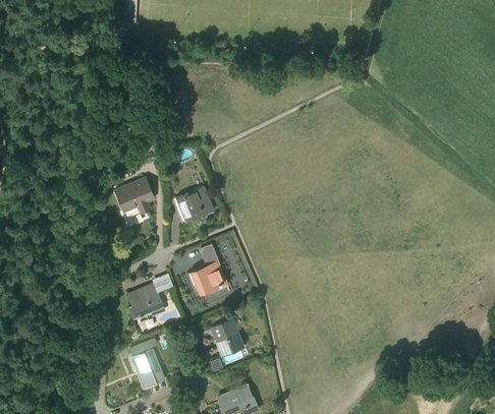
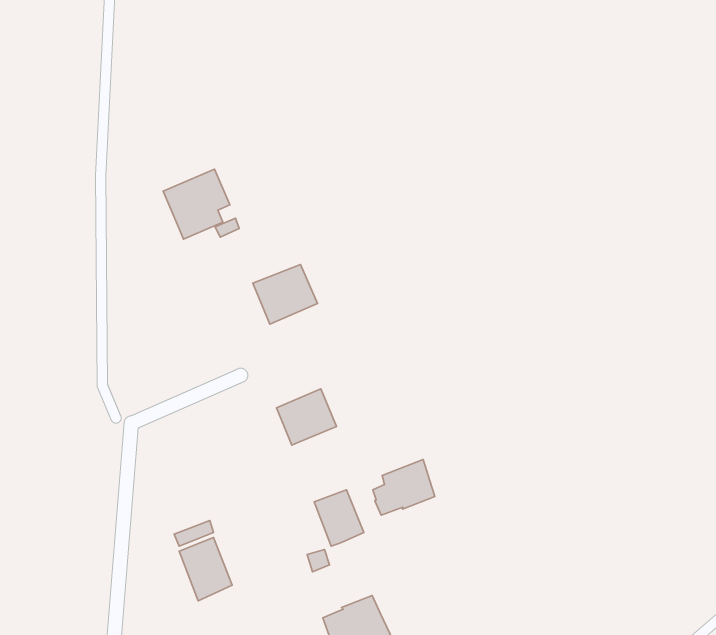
building: [115,177,155,219] -> [163,169,230,239]
building: [128,284,165,318] -> none
building: none -> [373,459,435,515]

